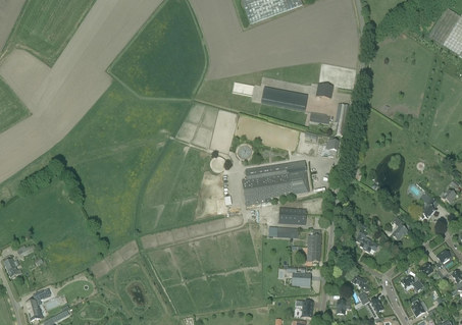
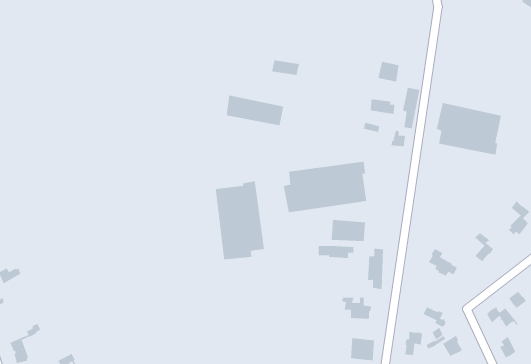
building: [262,87,308,111] -> [226,95,284,126]
building: none -> [436,102,502,155]
building: none -> [215,181,265,260]

